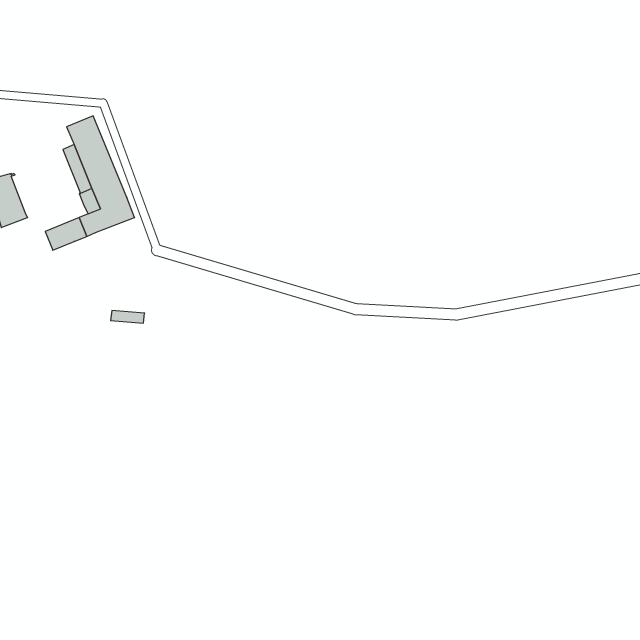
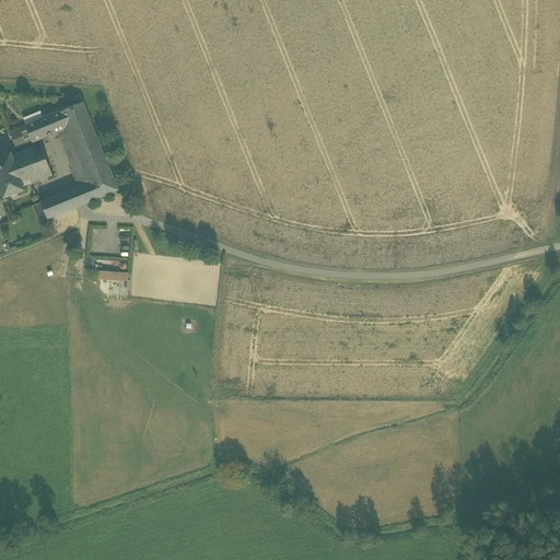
building: none -> [8,110,65,147]
building: none -> [10,142,50,185]

